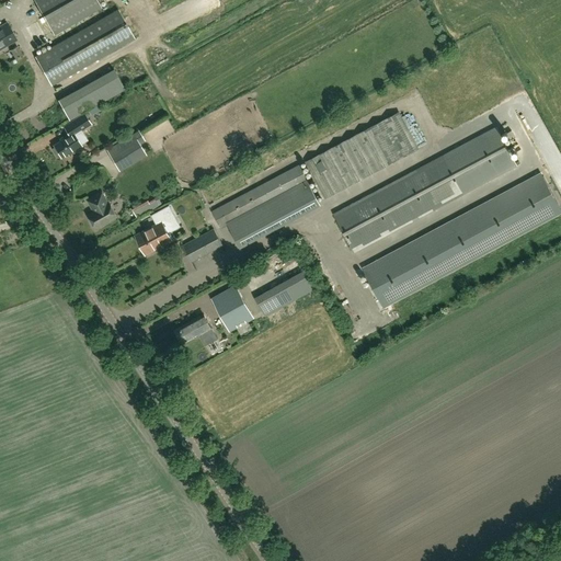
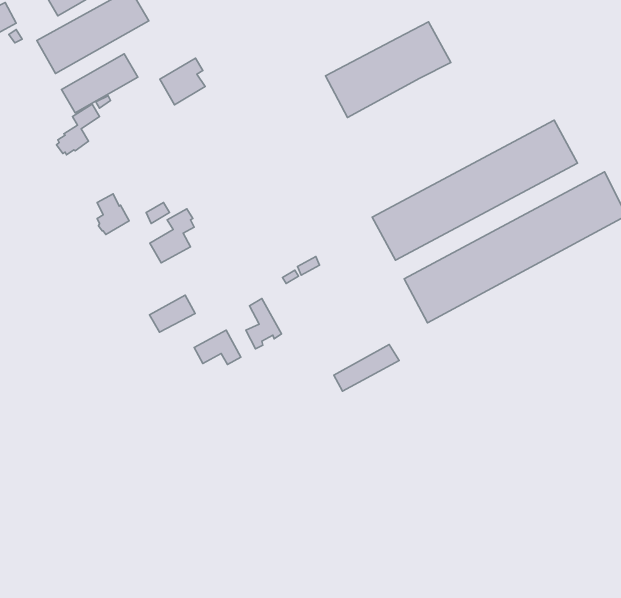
building: [305,113,416,198] -> [325,22,451,118]
building: [105,130,146,172] -> [160,58,205,105]
building: [211,165,320,248] -> none
building: [181,229,221,262] -> [150,295,195,332]
building: [256,274,314,316] -> [334,344,399,391]

